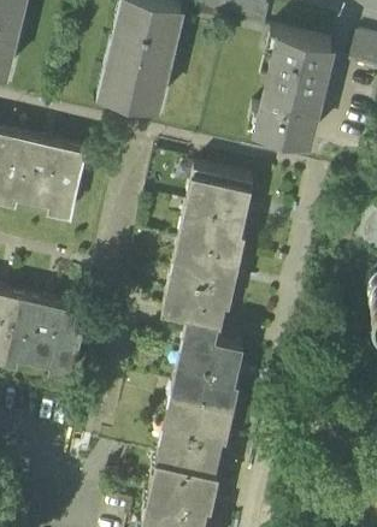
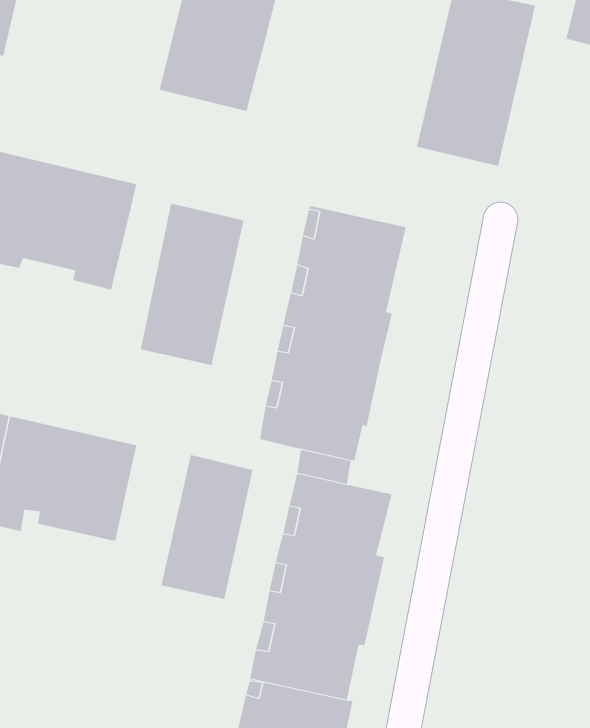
building: none -> [140,203,244,366]
building: none -> [161,454,253,600]

